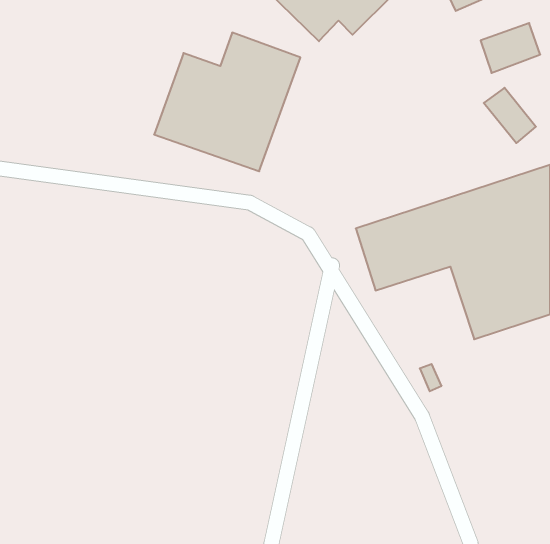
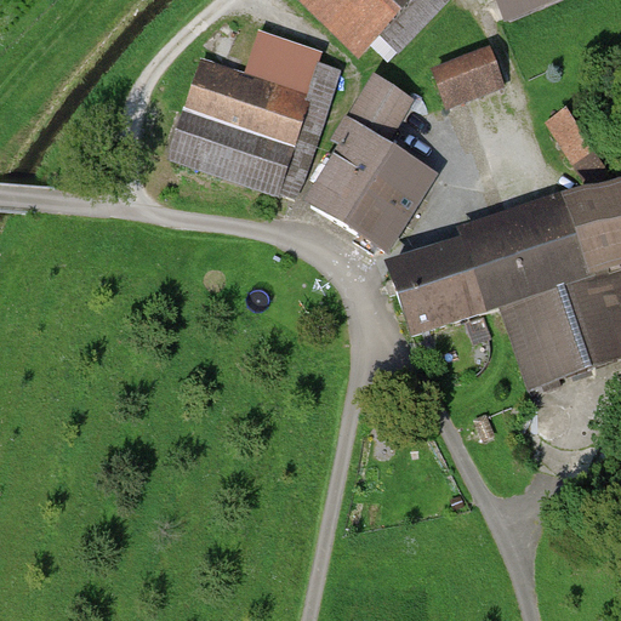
building: [481,23,540,73] -> [433,45,500,101]
building: none -> [307,82,434,250]

